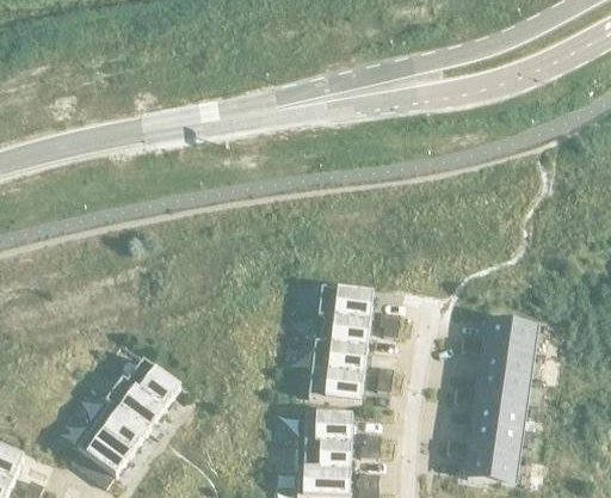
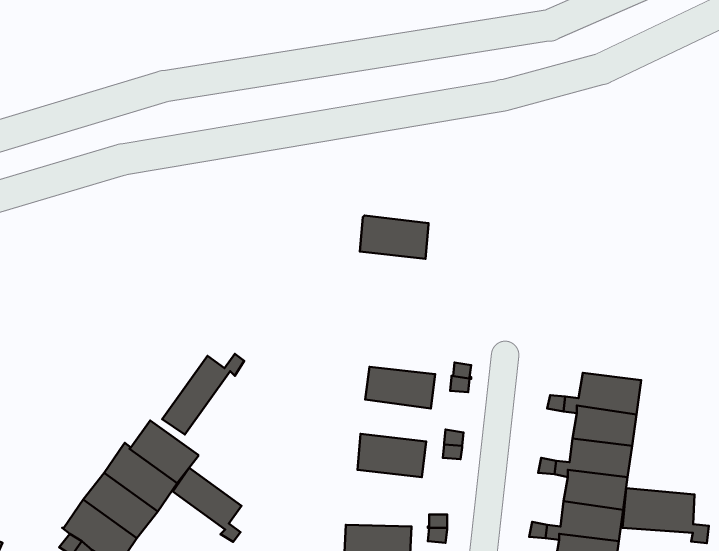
building: [319,283,374,318] -> [360,216,429,259]
building: none -> [162,354,244,435]
building: [311,338,368,371] -> none
building: none -> [173,468,242,542]
building: none -> [623,488,709,543]
building: [300,410,353,439] -> none

